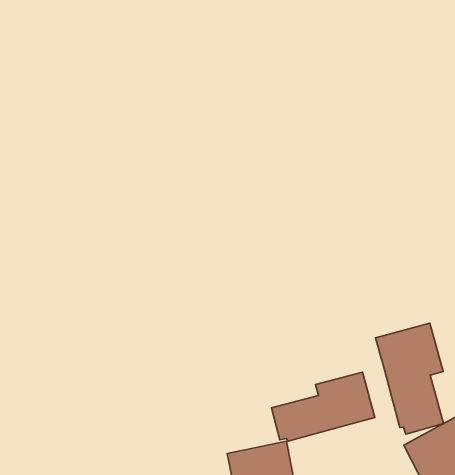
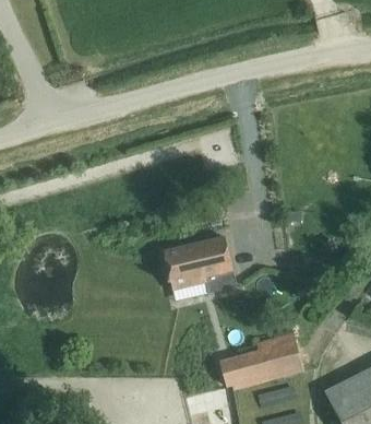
building: none -> [164,236,236,292]
building: [376,323,444,434] -> none

